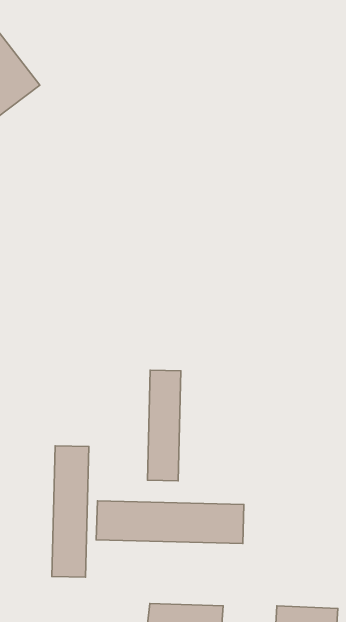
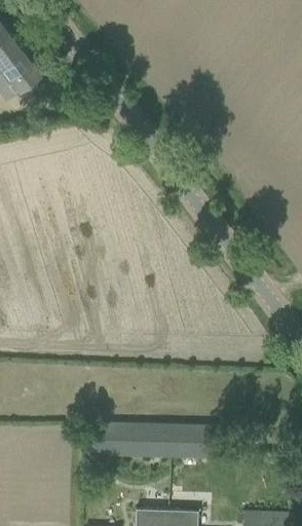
building: [147,370,181,481] -> none
building: [52,446,89,577] -> none

